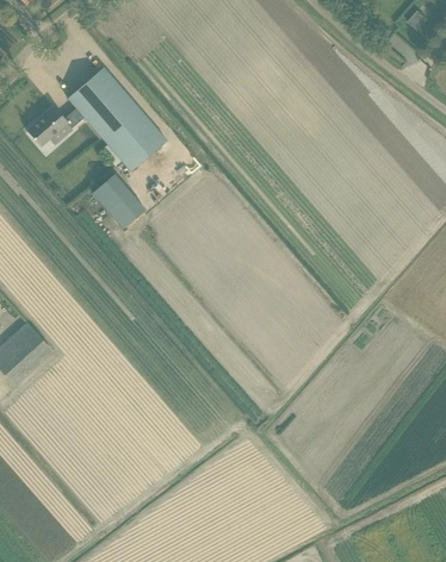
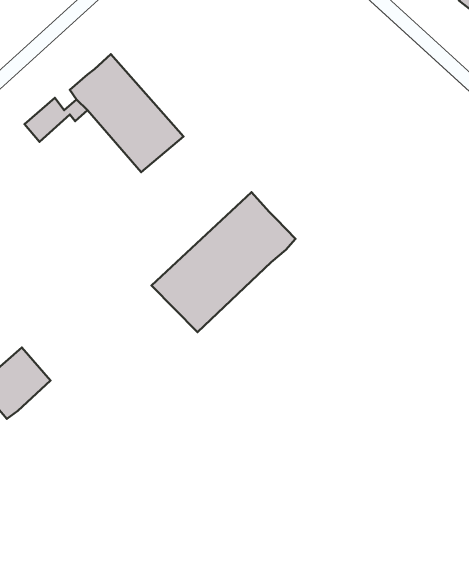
building: [93,167,147,220] -> none
building: none -> [152,192,296,332]

